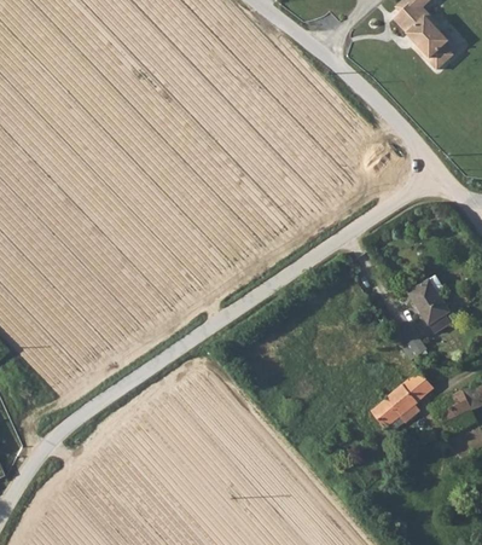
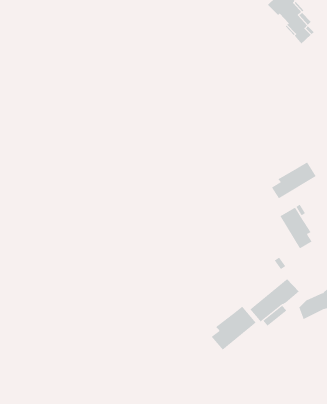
building: none -> [271,162,317,199]
building: none -> [211,306,256,351]

